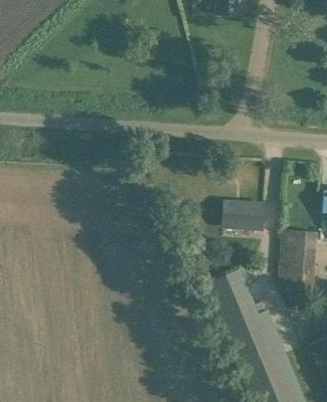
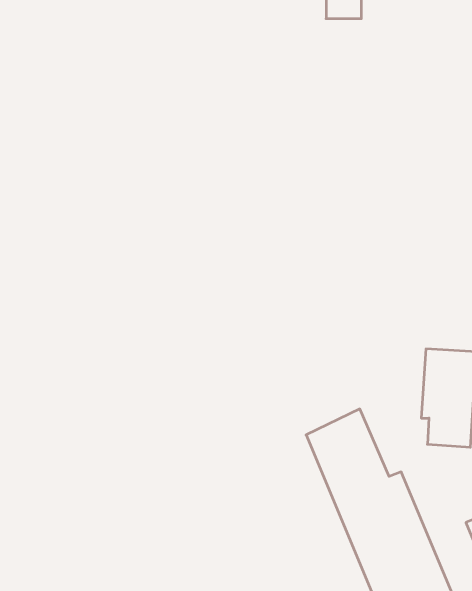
building: [223,202,266,231] -> none

